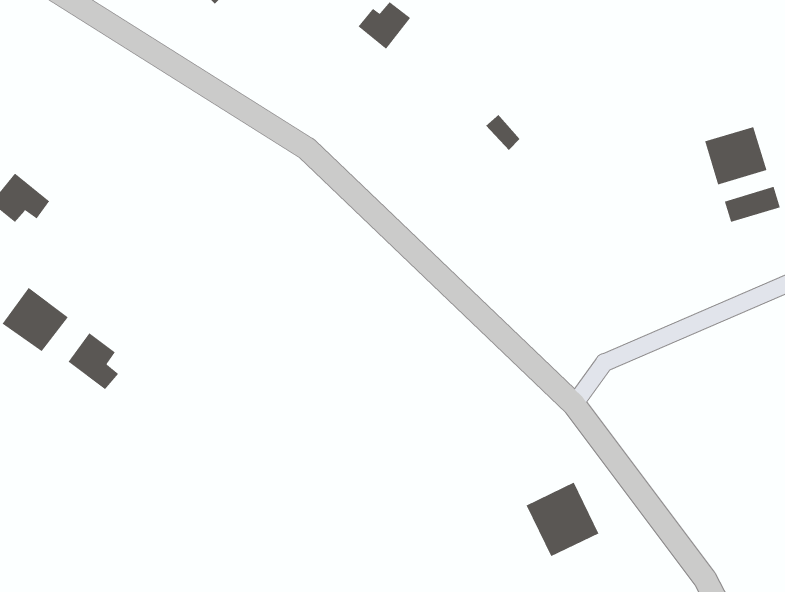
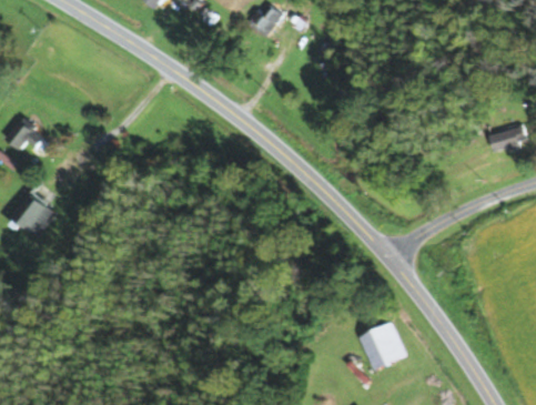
building: [704,126,767,185] -> none
building: [68,332,119,390] -> none

